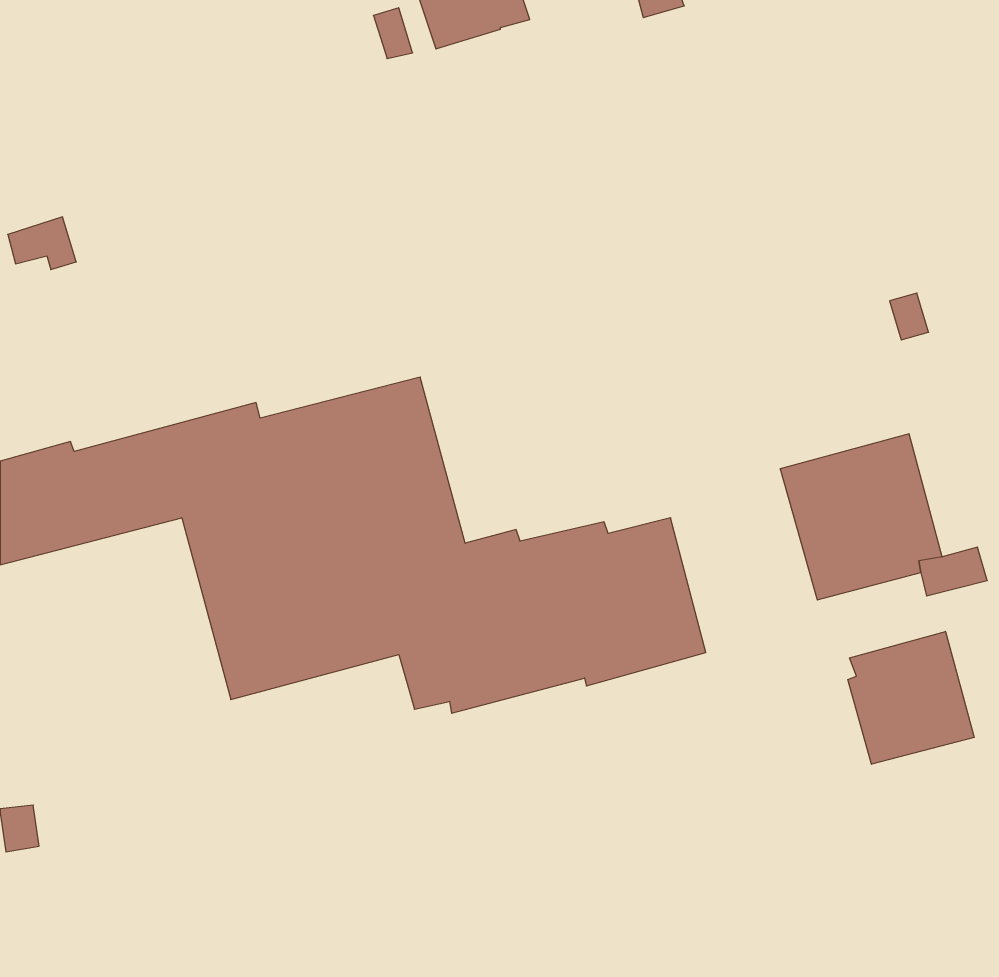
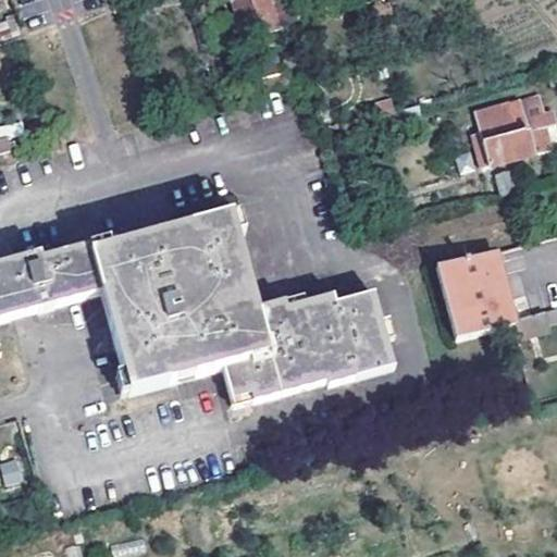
building: none -> [475,112,549,158]
building: [848,631,974,764] -> none

